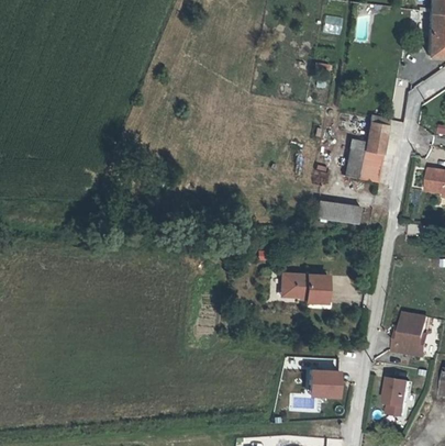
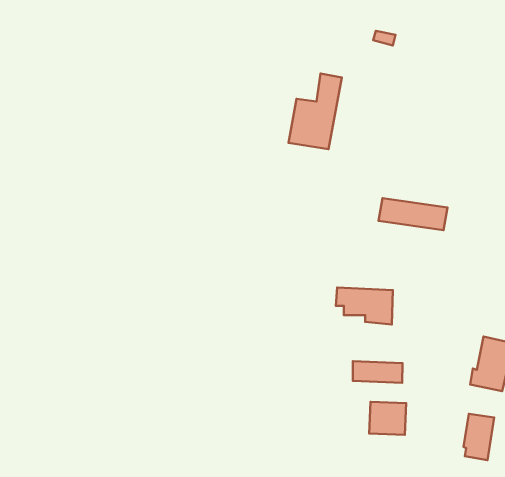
building: [342,118,386,180] -> [289,74,342,149]
building: none -> [353,361,402,383]

